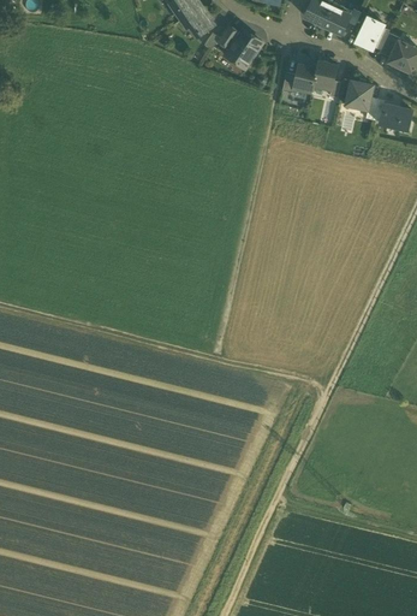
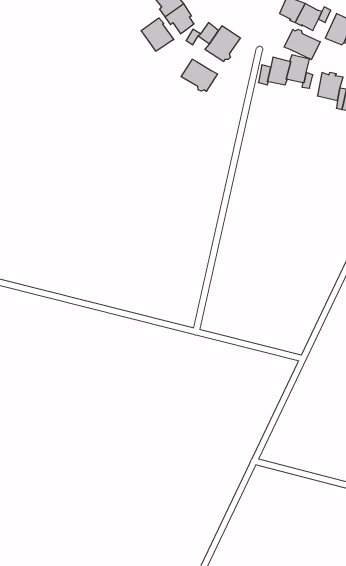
building: none -> [141,18,174,51]
building: none -> [284,29,320,60]
building: none -> [181,59,217,91]

